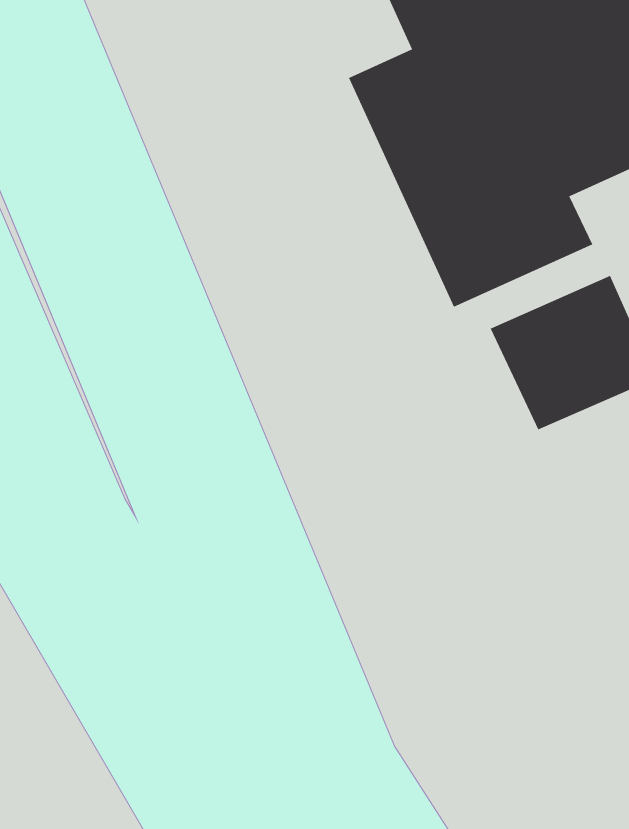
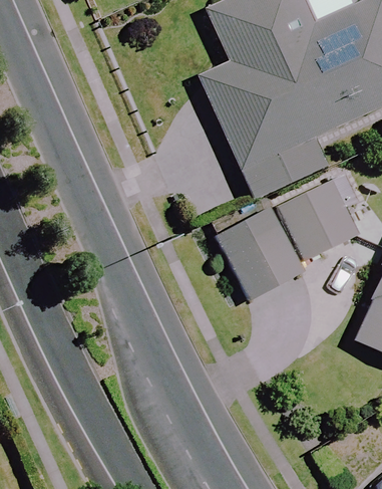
building: none -> [214,208,302,300]

